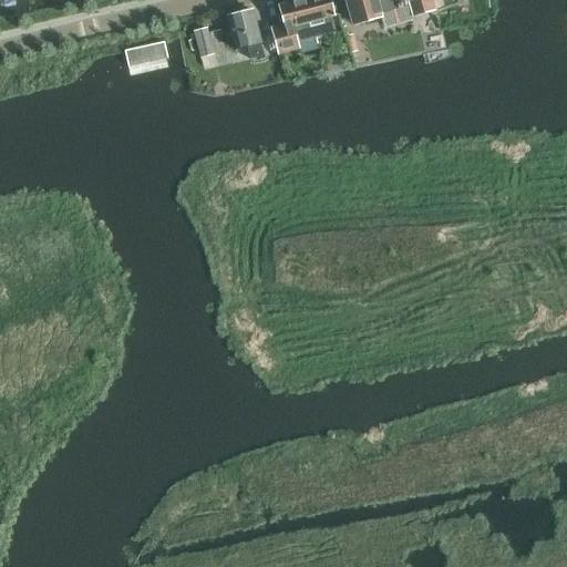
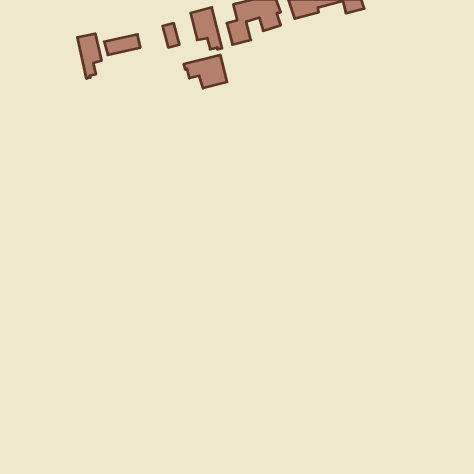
building: none -> [77,34,101,79]
building: none -> [184,55,227,88]

